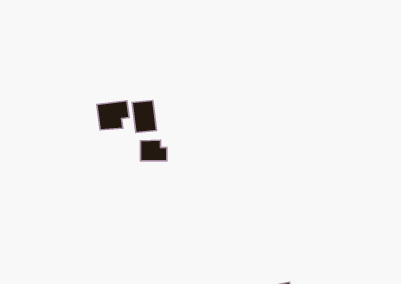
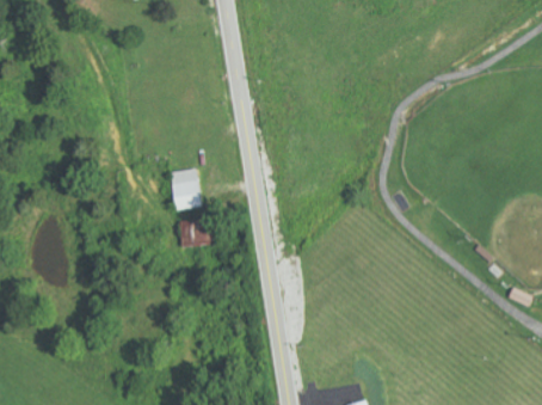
building: [97,101,129,130] -> none

